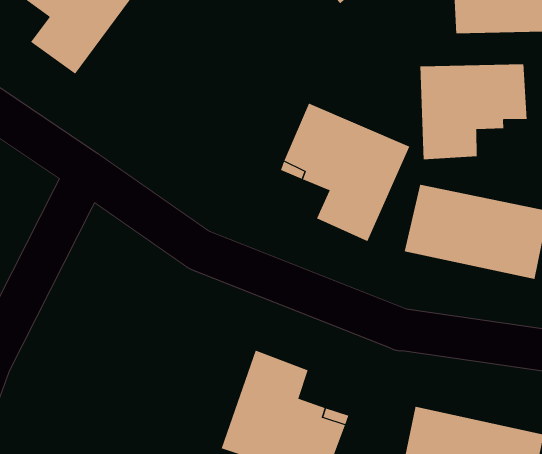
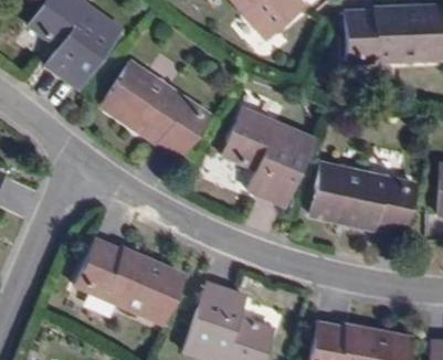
building: none -> [103,62,208,156]
building: [420,64,527,160] -> none
building: none -> [76,239,182,321]

